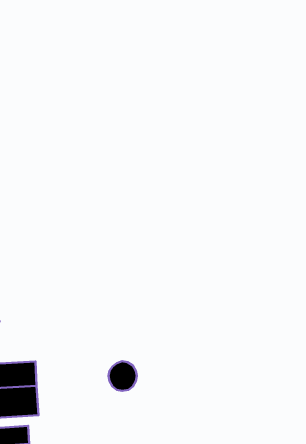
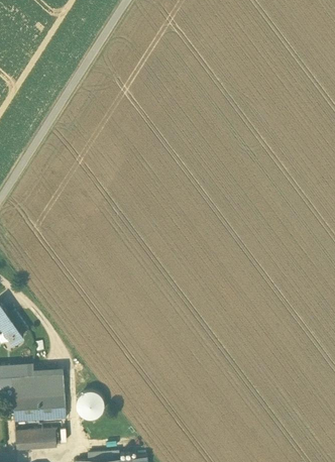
building: [108,361,137,391] -> [77,390,104,419]

